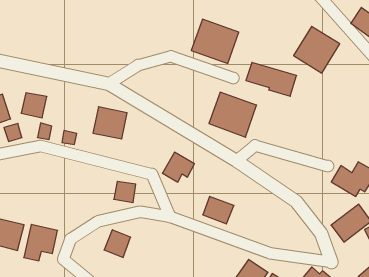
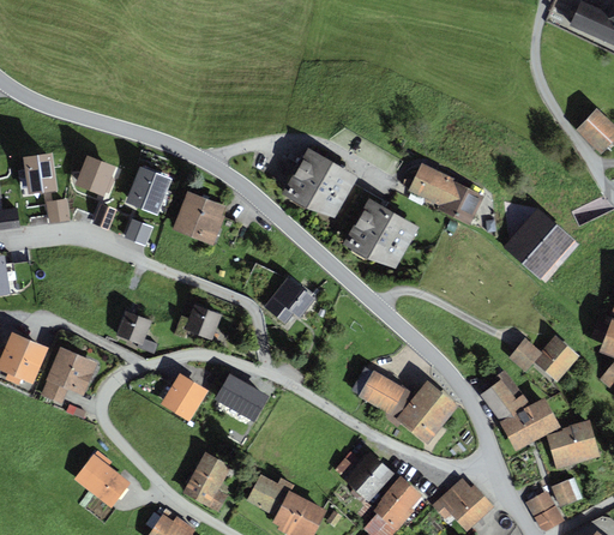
building: [191,19,239,63] -> [284,150,359,221]
building: [294,26,340,73] -> [500,205,571,276]
building: none -> [126,166,165,209]
building: none -> [115,309,152,345]
building: none -> [481,374,526,419]
building: [203,196,234,224] -> [359,369,407,414]
building: none -> [397,381,456,441]
building: none -> [215,374,264,416]

